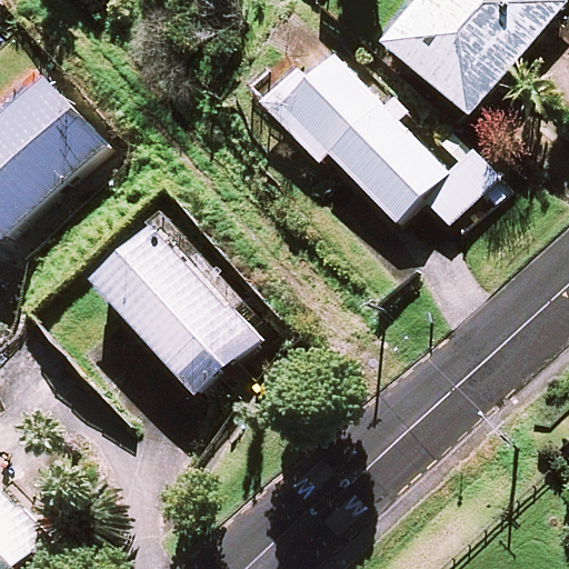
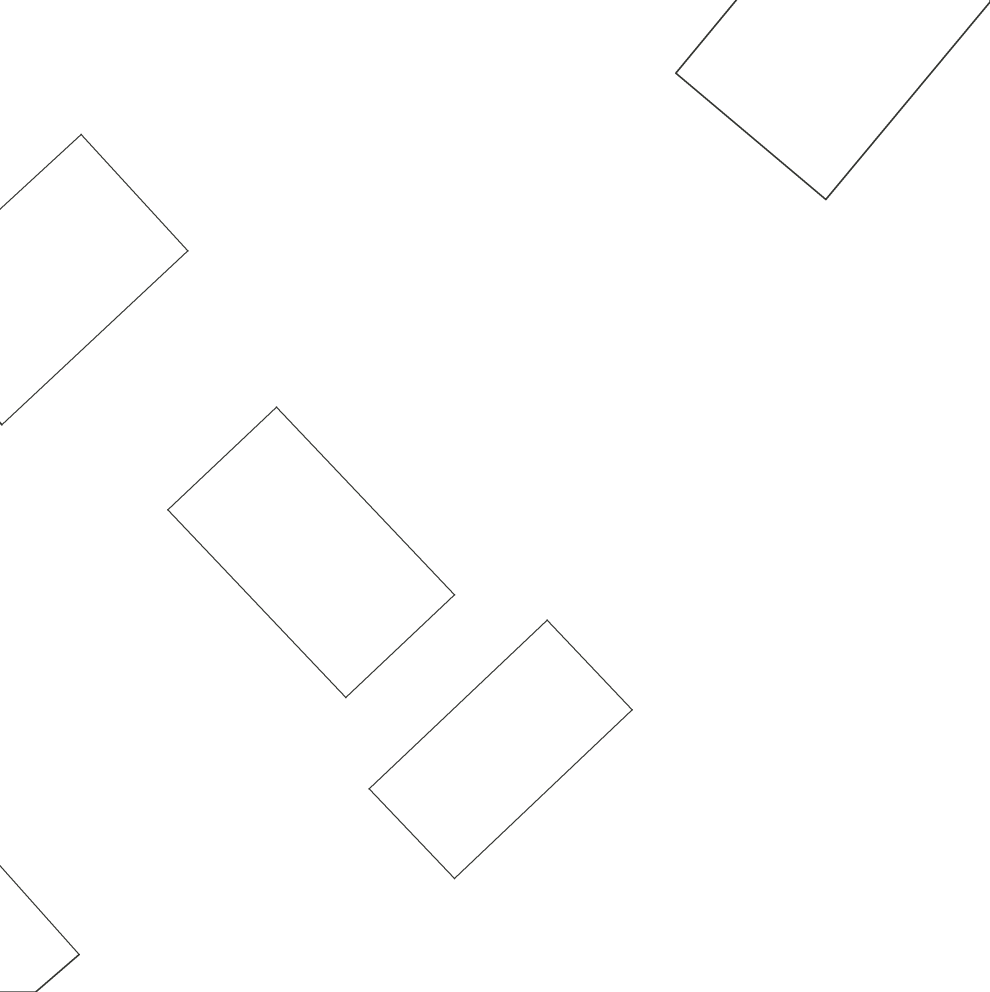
building: [259,41,495,220] -> none
building: none -> [369,620,632,878]

